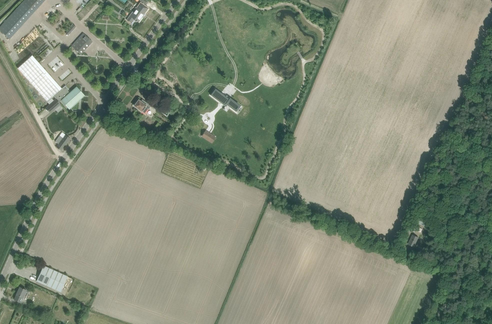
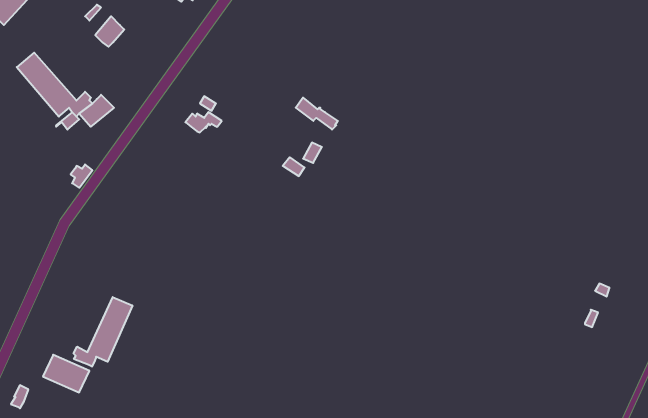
building: none -> [74,297,132,367]

